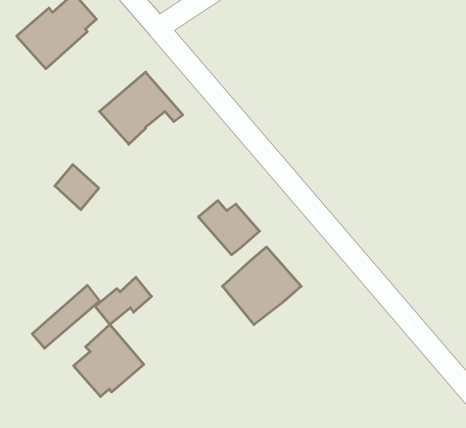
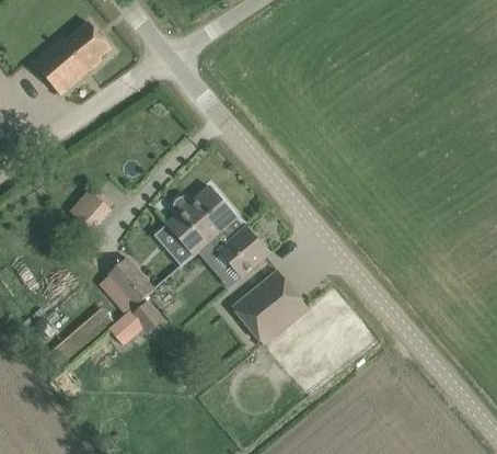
building: [99,72,183,144] -> [163,185,244,256]
building: none -> [100,257,152,310]
building: [74,325,144,397] -> none

